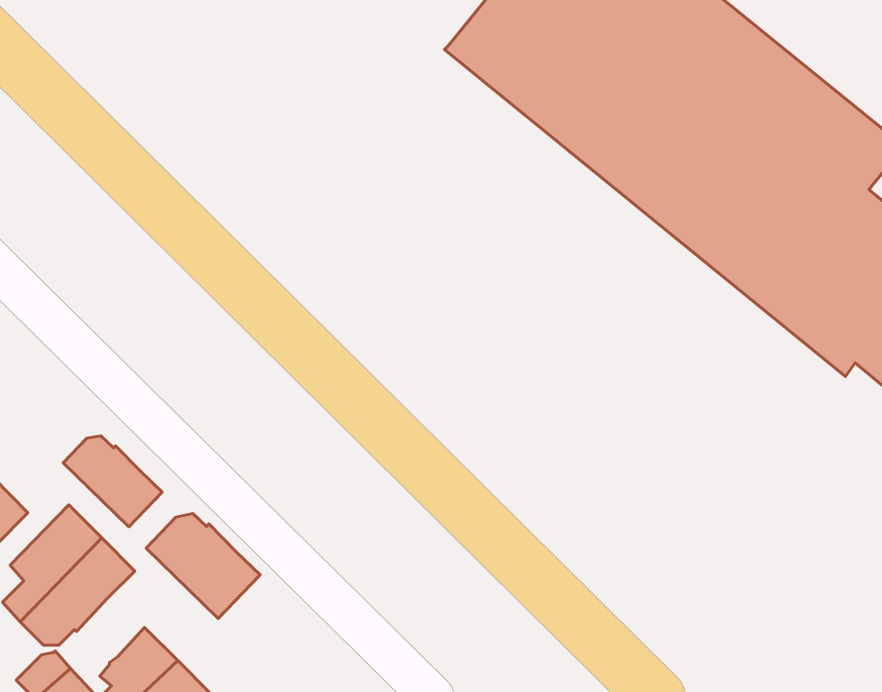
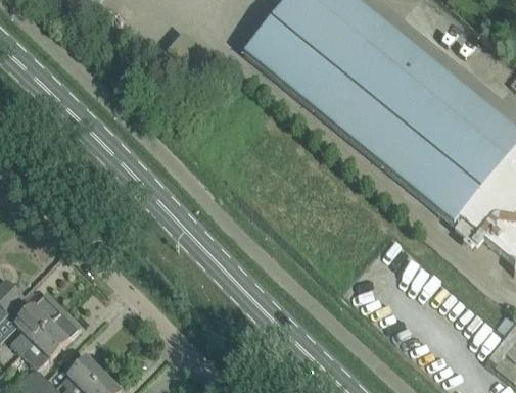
building: [63,436,162,527] -> none
building: [146,513,260,618] -> none

